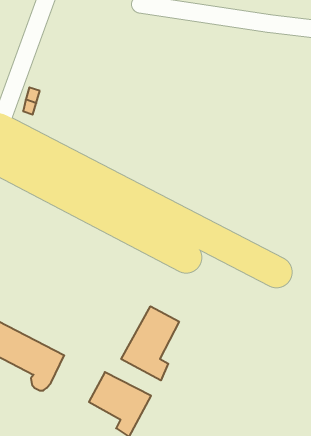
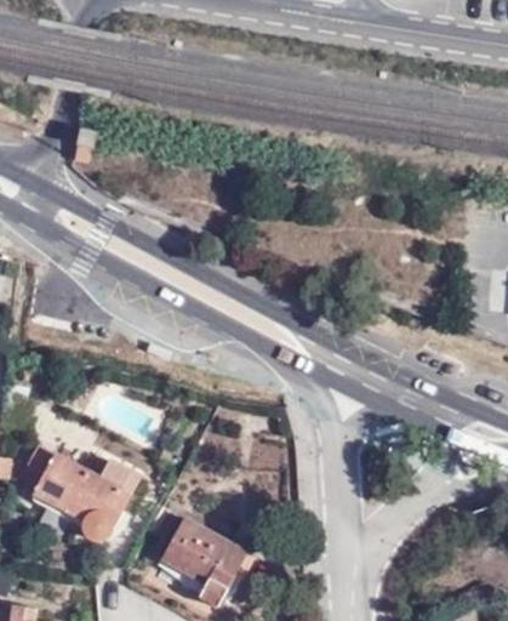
building: [121,306,179,380] -> none

